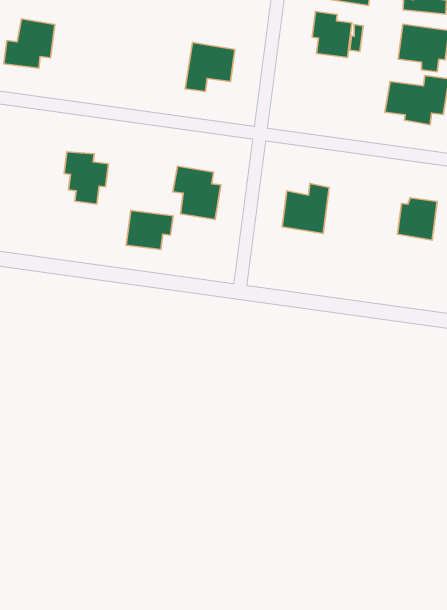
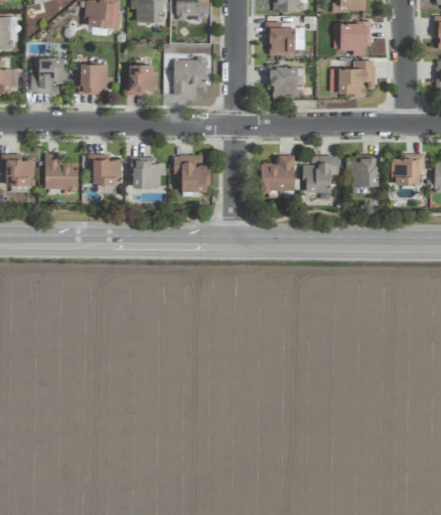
building: none -> [81,63,114,96]
building: none -> [125,64,157,96]
building: none -> [269,65,299,99]
building: none -> [45,154,79,191]
building: none -> [303,155,339,192]
building: [126,210,173,250] -> [133,160,166,187]

